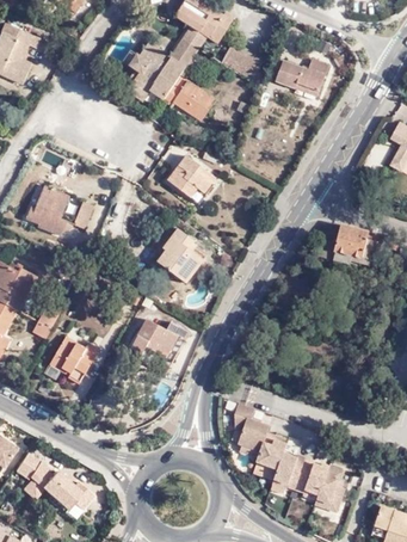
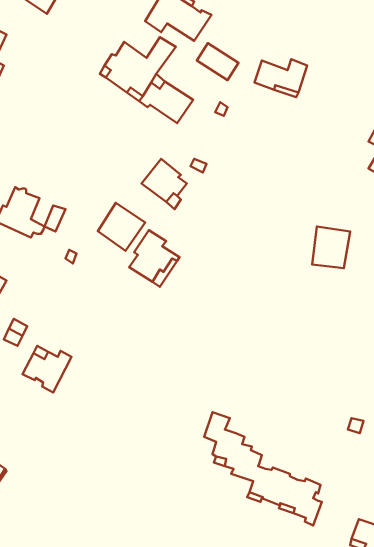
building: none -> [98,203,145,251]
building: [131,315,186,362] -> none
building: [38,469,92,509] -> none

